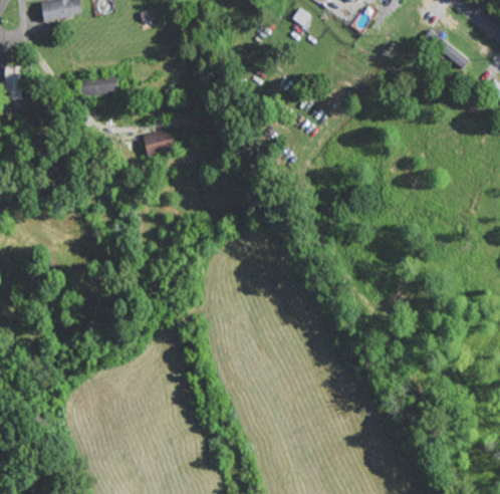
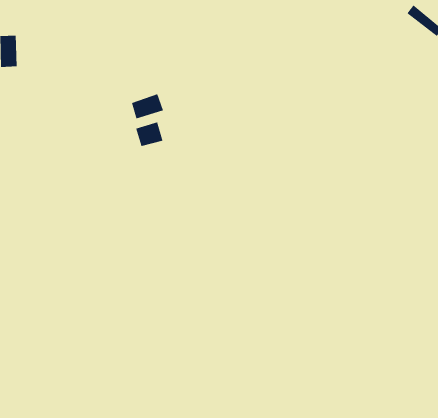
building: [85,78,118,96] -> none
building: none -> [135,121,163,147]

